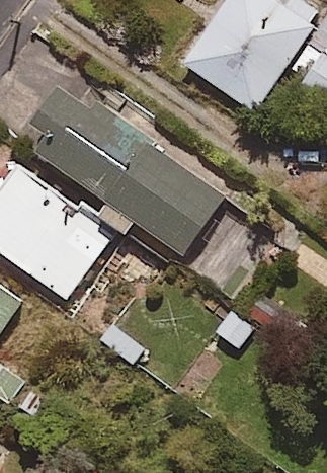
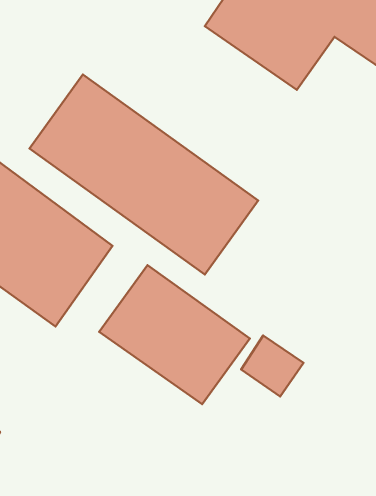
building: none -> [99,265,250,404]

